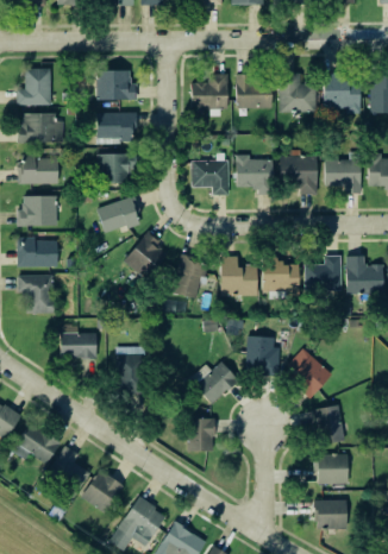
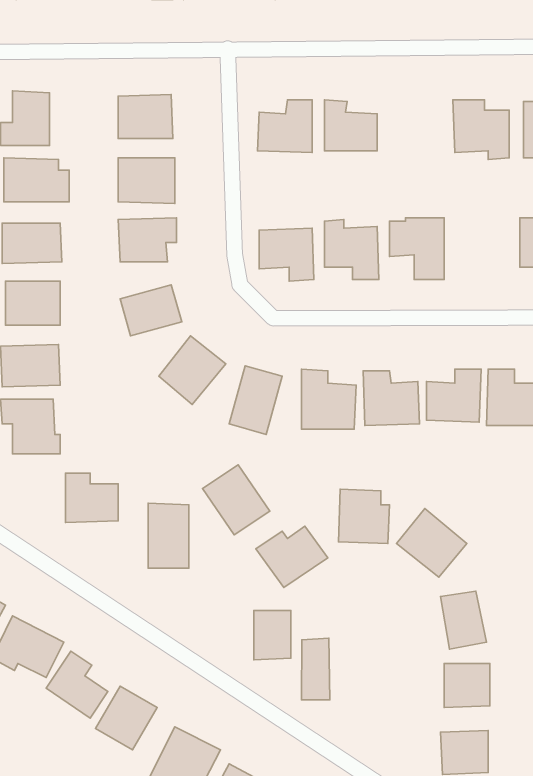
building: [279,74,317,112] -> none
building: [324,159,361,189] -> none
building: none -> [202,465,270,535]
building: none -> [301,638,330,700]

